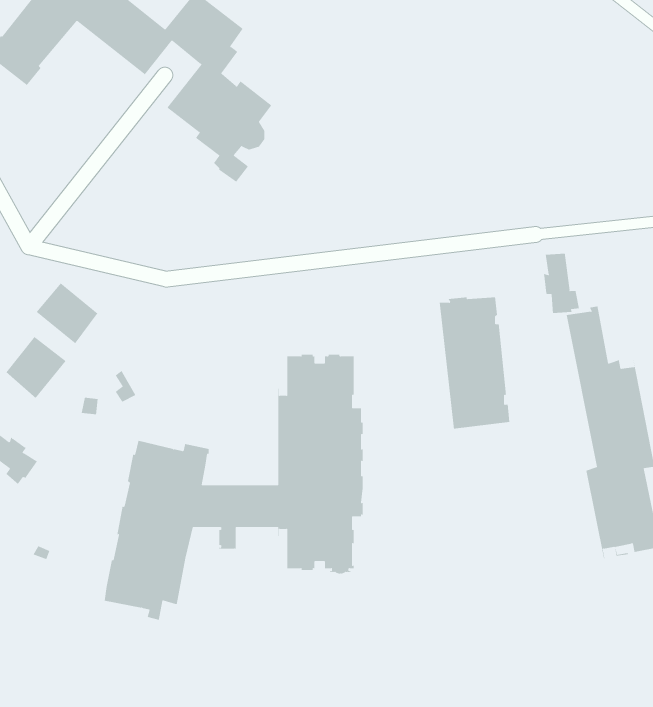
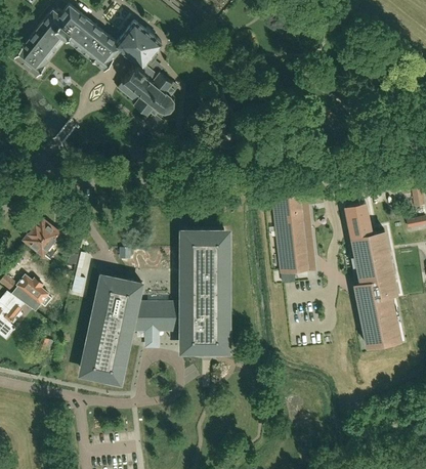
building: [543,253,580,314] -> none
building: [36,283,98,344] -> none

